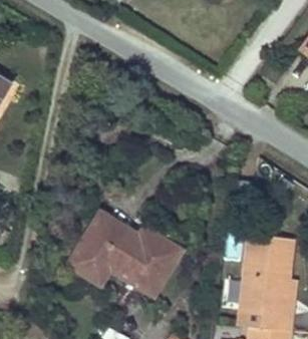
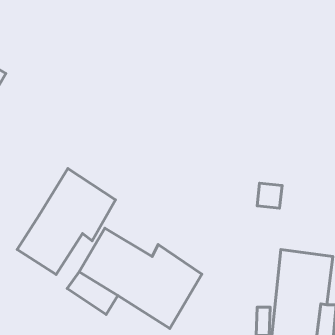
building: none -> [17,168,116,275]

